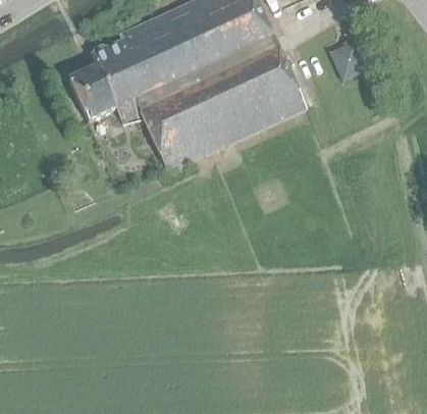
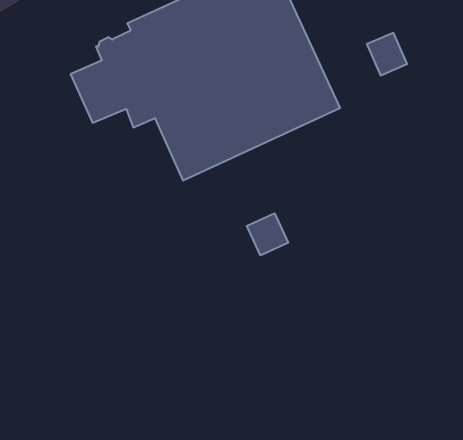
building: none -> [247,213,288,255]

